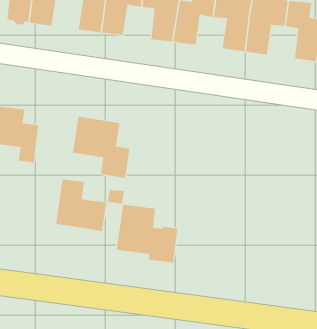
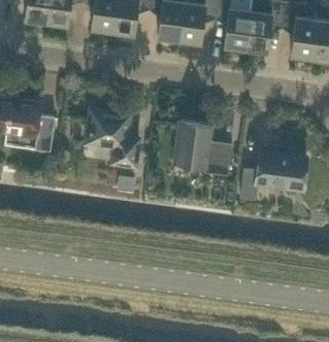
building: none -> [240,152,307,201]
building: [56,179,107,232] -> none
building: [116,204,178,263] -> [174,123,232,177]

